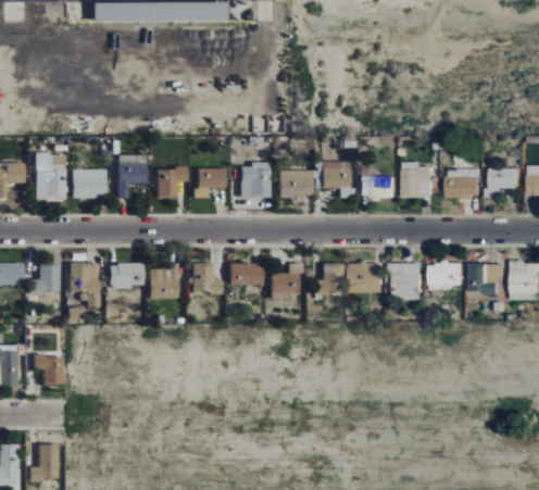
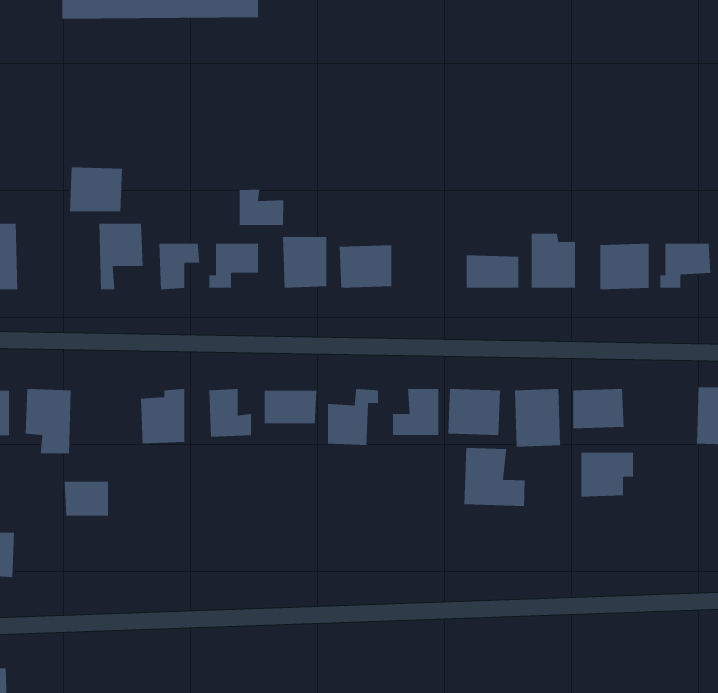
building: none -> [239,189,284,226]
building: [319,162,349,197] -> none
building: [74,169,109,199] -> [69,167,123,212]
building: [112,264,141,287] -> [64,481,109,516]
building: [468,264,503,293] -> [581,452,634,497]
building: none -> [464,447,525,507]

